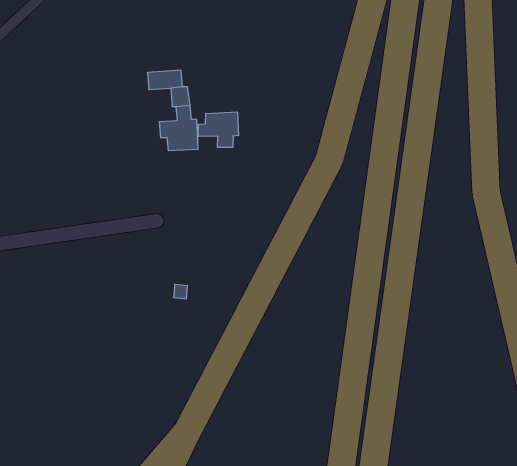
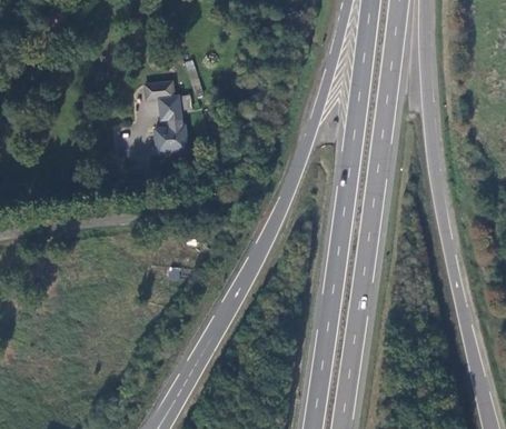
building: [198,112,239,148] -> none

